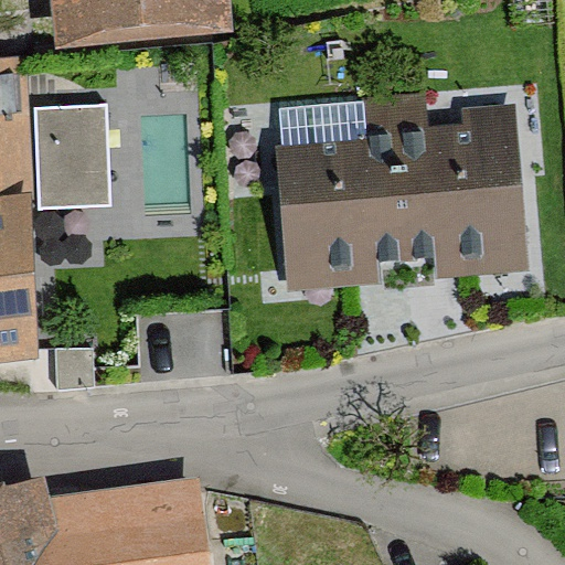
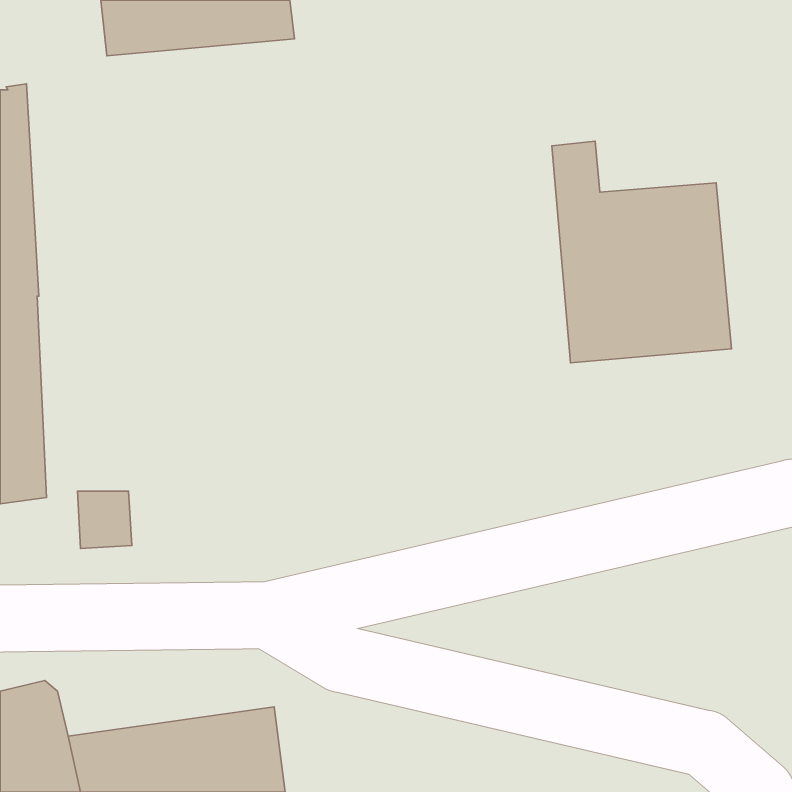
building: [279,103,406,268] -> none
building: [35,108,106,211] -> none

